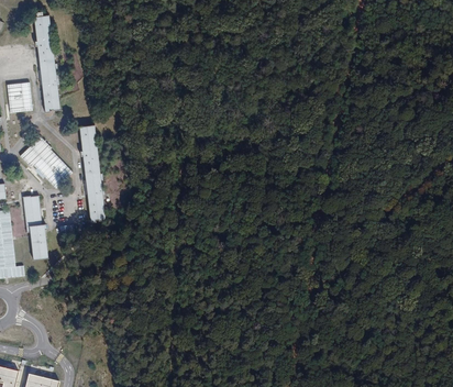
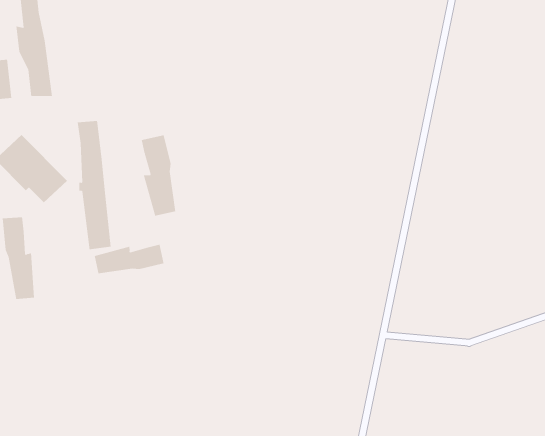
building: none -> [141,134,176,216]
building: none -> [94,244,164,274]

